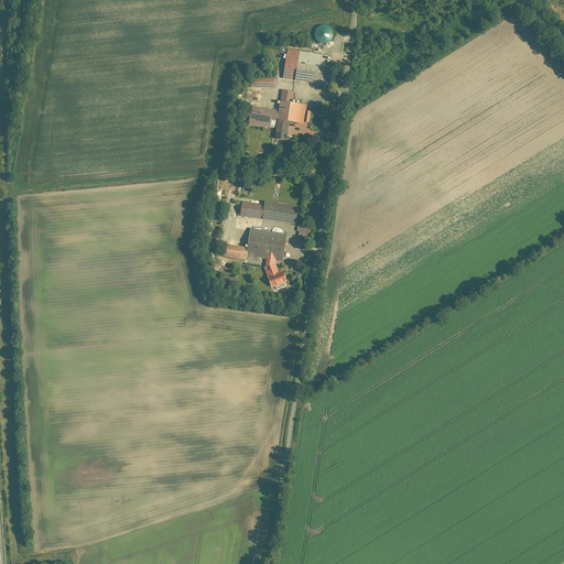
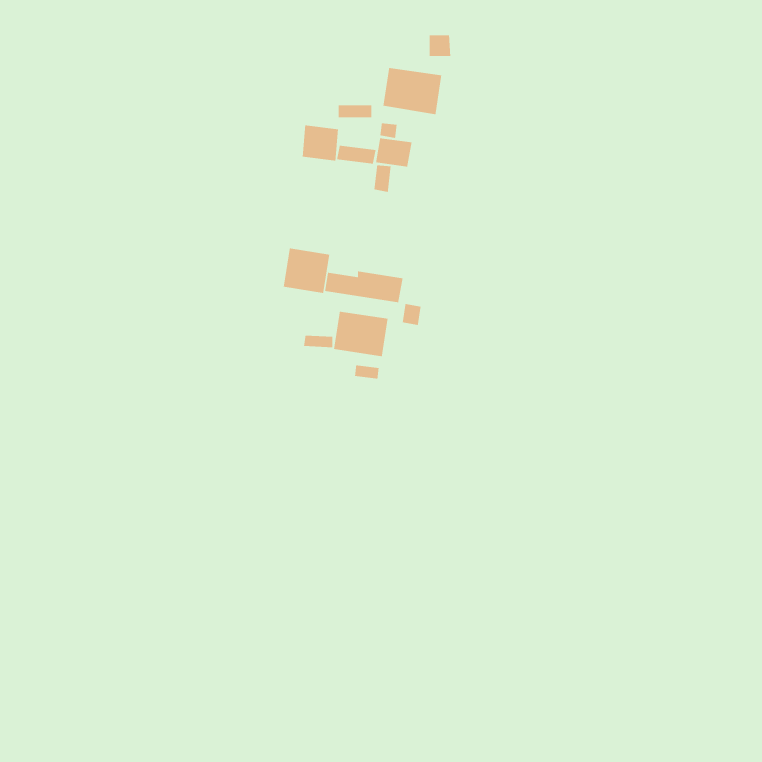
building: none -> [302,125,339,161]
building: none -> [283,248,330,294]

